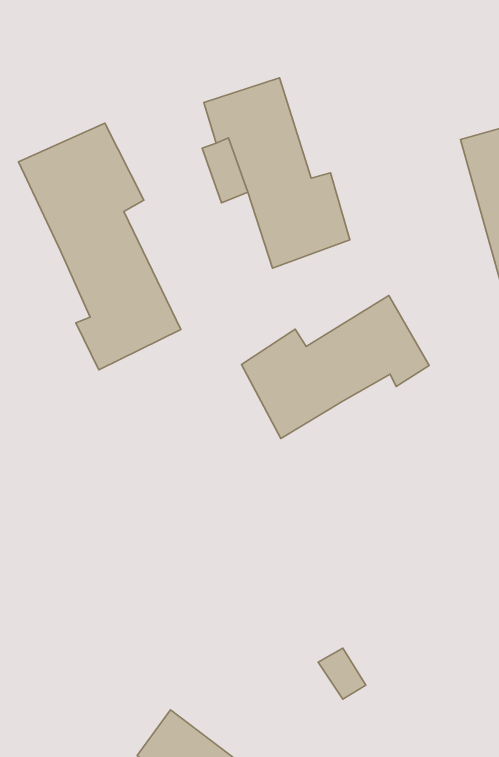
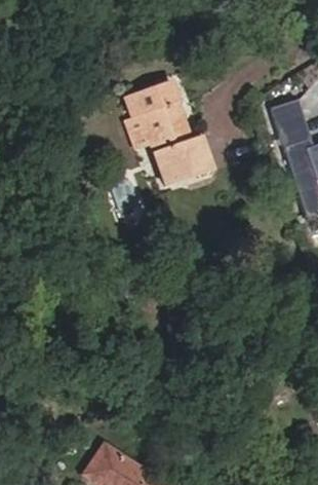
building: [19,123,181,370] -> none
building: [241,295,429,438] -> none

